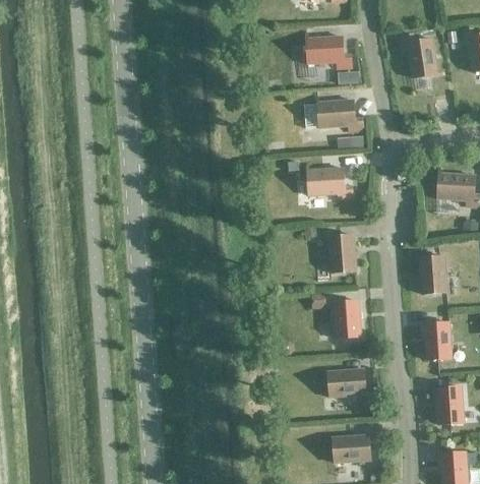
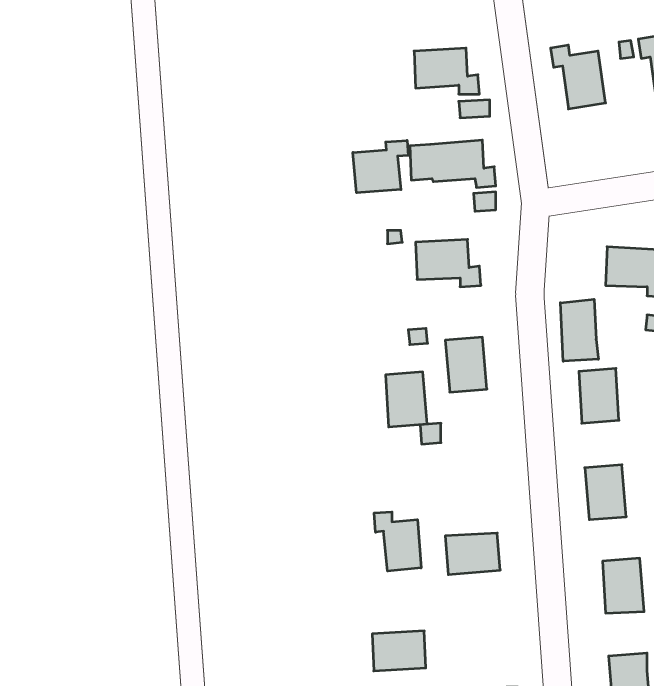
building: none -> [353,140,408,193]
building: none -> [560,299,598,361]
building: [333,300,361,338] -> [386,372,427,427]
building: none -> [374,512,421,571]
building: [333,434,369,462] -> [372,631,426,671]

